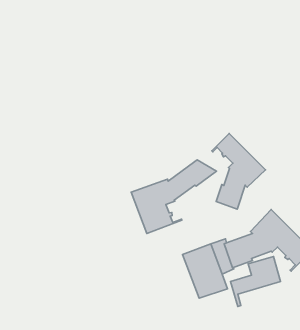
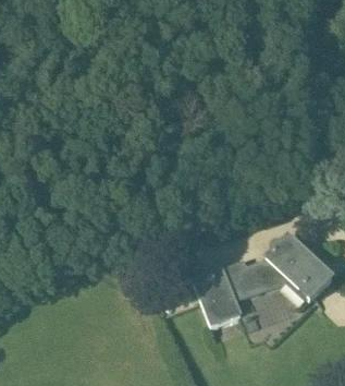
building: [212,134,265,209] -> none
building: [131,160,217,233] -> none

